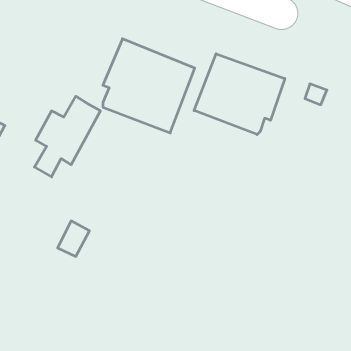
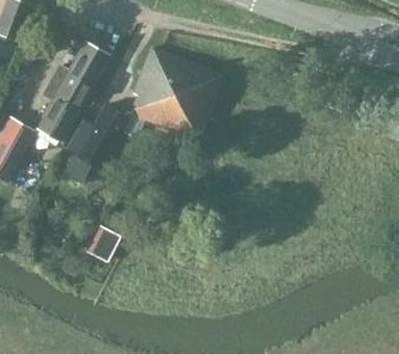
building: none -> [36,41,108,140]
building: [194,54,285,135] -> none

